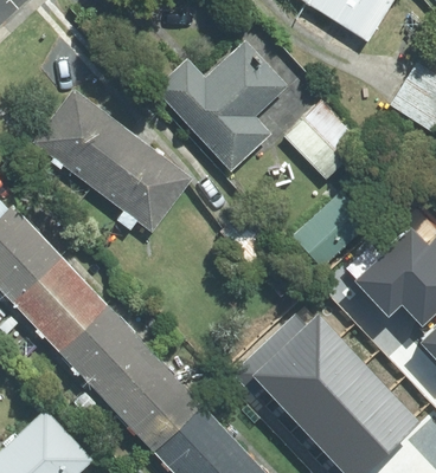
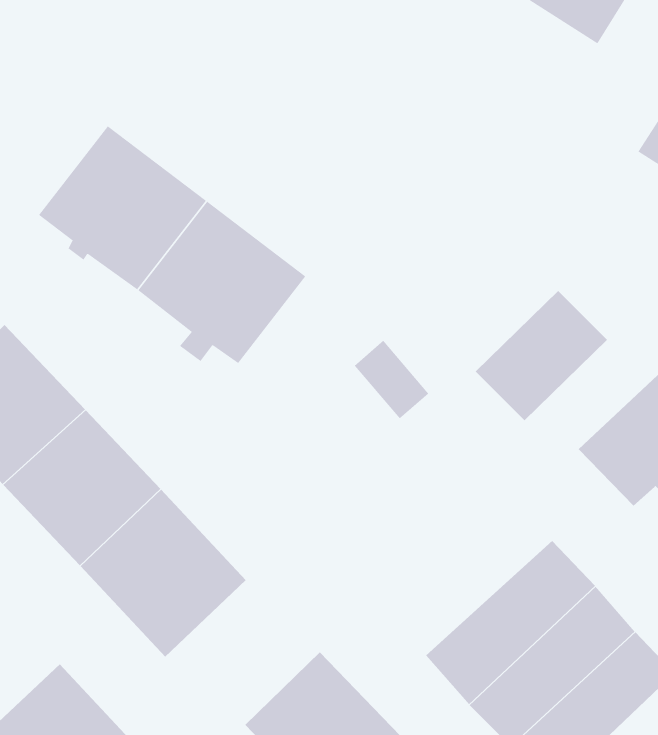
building: [155,41,287,170] -> none
building: [286,102,363,177] -> none
building: [235,307,340,404] -> none
building: [109,359,191,440] -> none

